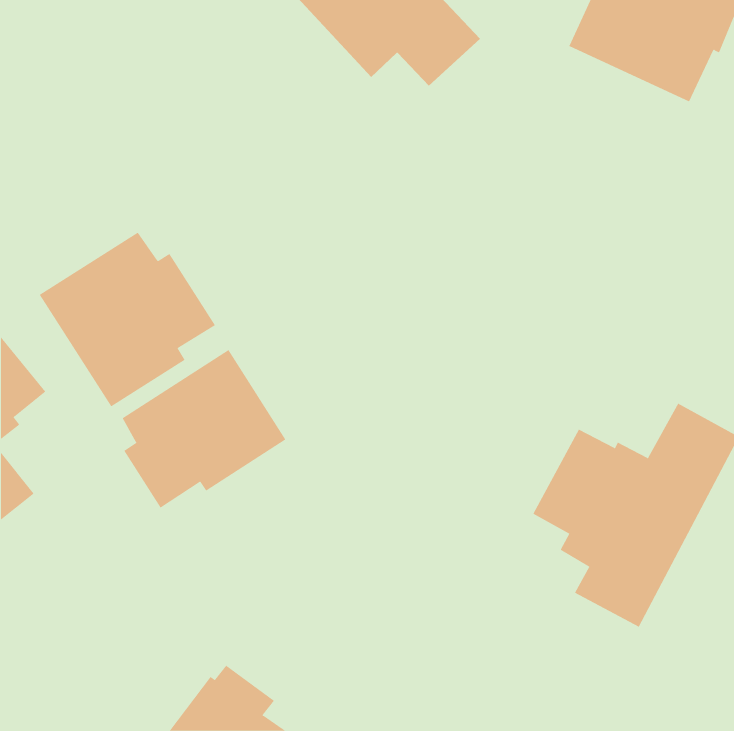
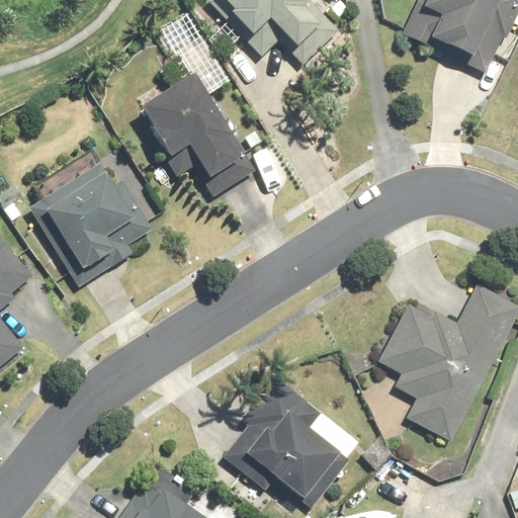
building: none -> [139,75,254,193]
building: [122,349,286,508] -> none
building: none -> [224,376,349,509]

